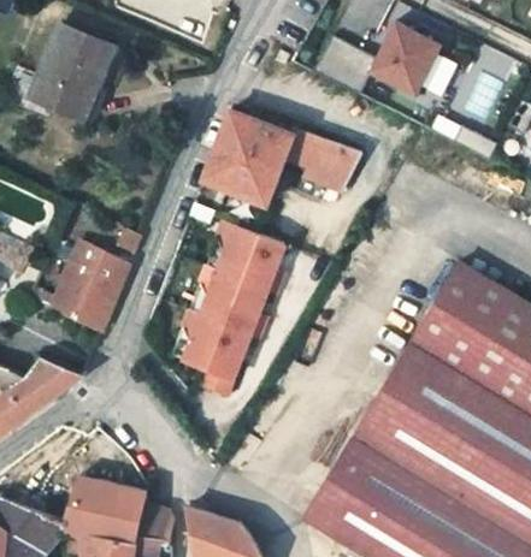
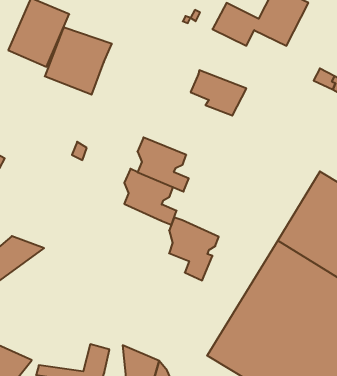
building: [202,109,295,202] -> [45,27,112,95]
building: [52,241,130,331] -> none
building: [175,308,243,395] -> [169,217,219,280]
building: [61,475,148,543] -> none

